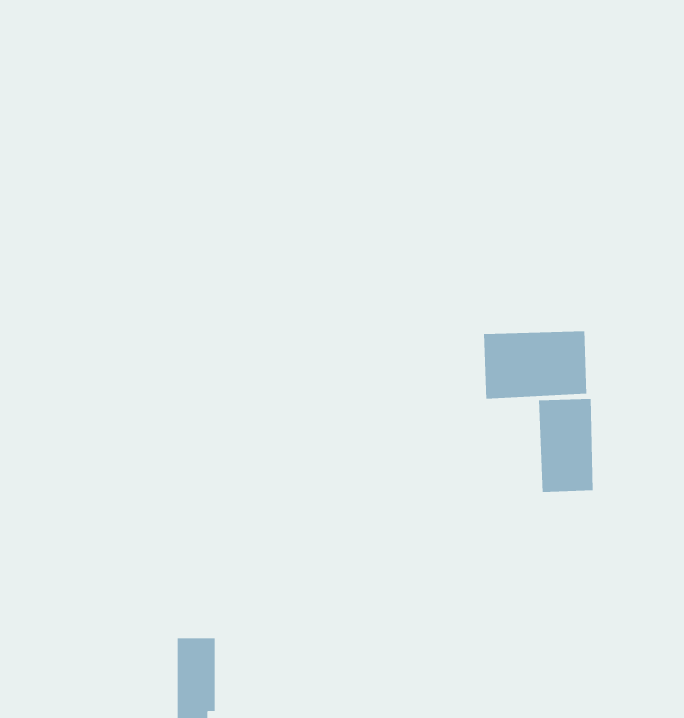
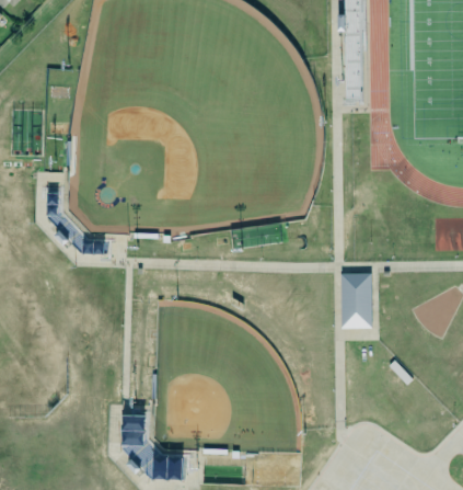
building: [484,331,587,399] -> none

